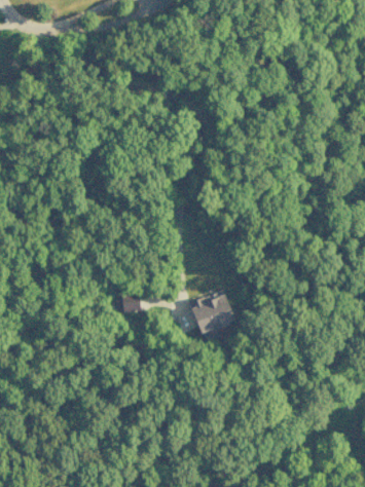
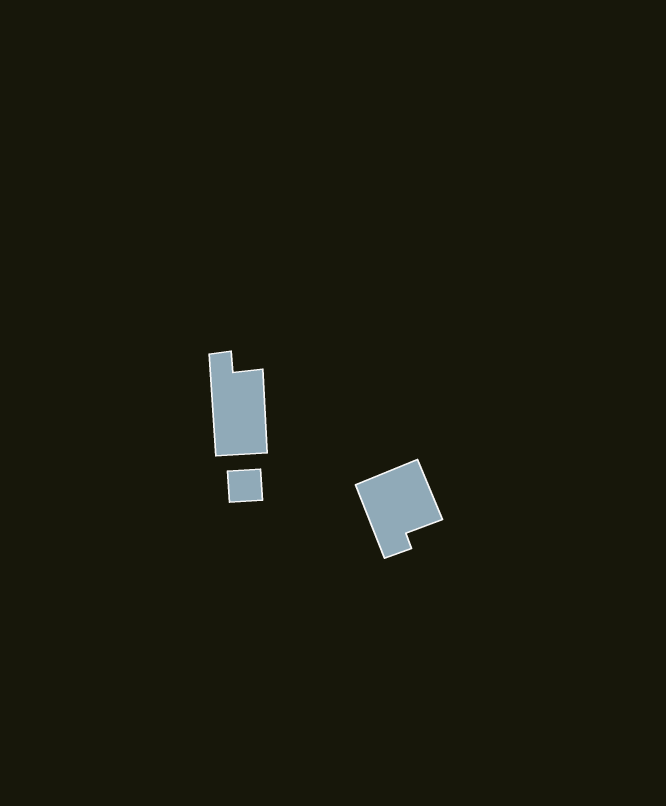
building: none -> [209,351,267,456]

